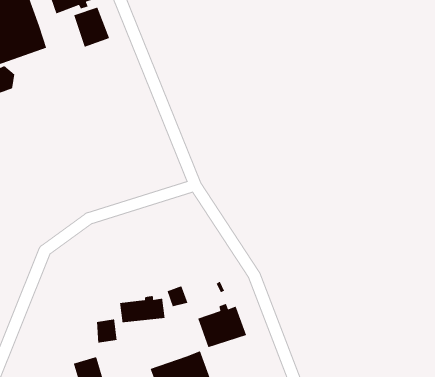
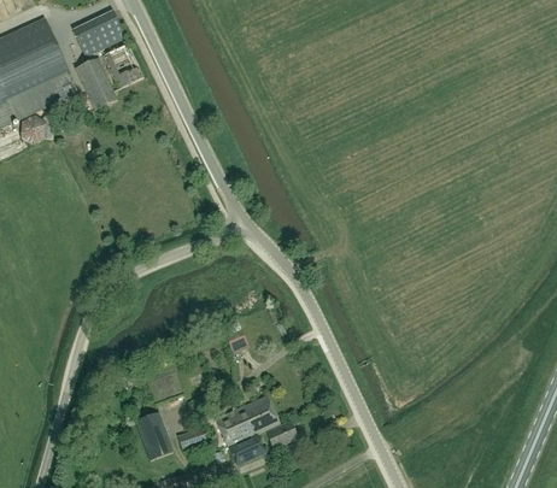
building: none -> [74,57,116,108]
building: [119,295,165,323] -> none
building: [197,303,247,348] -> none

